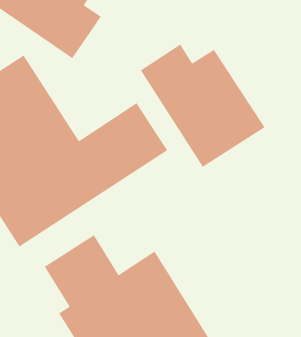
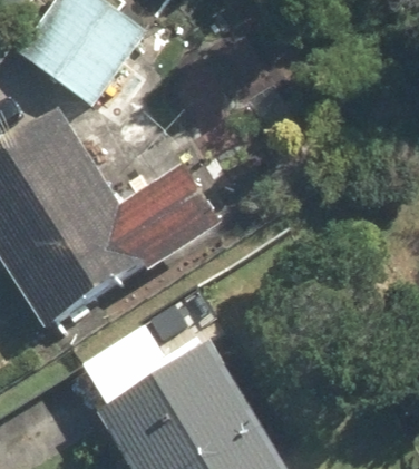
building: [140,44,265,168] -> none

